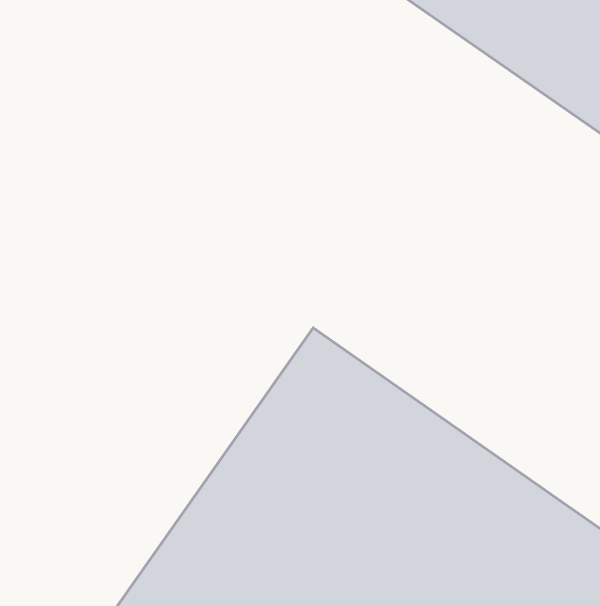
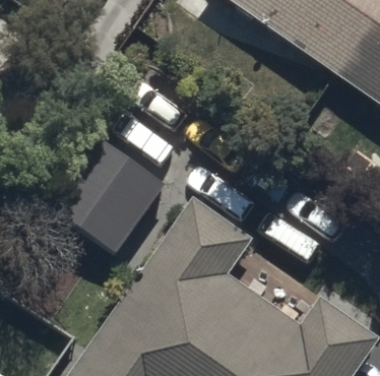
building: none -> [47,129,165,247]

